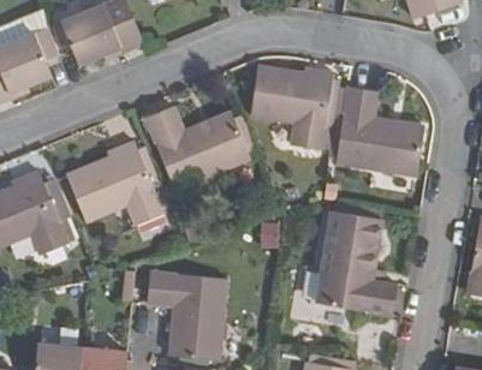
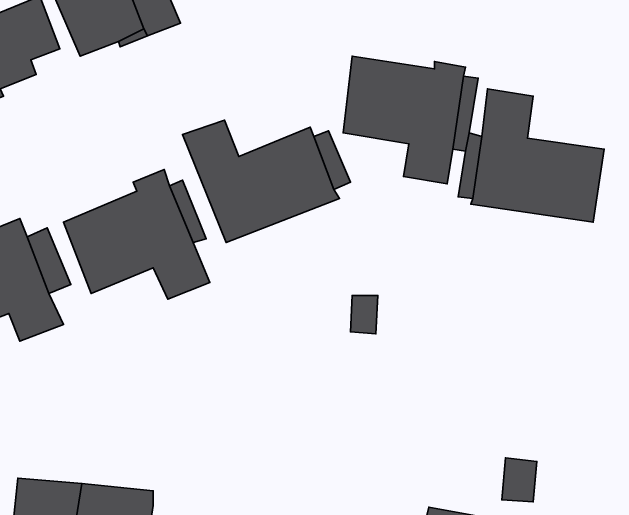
building: [316,213,395,315] -> none
building: [147,271,227,359] -> none

